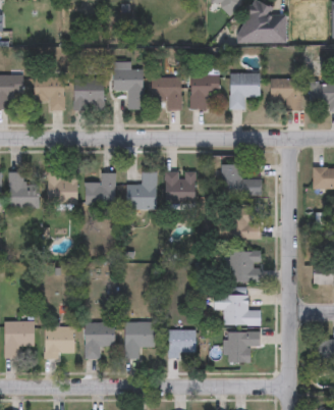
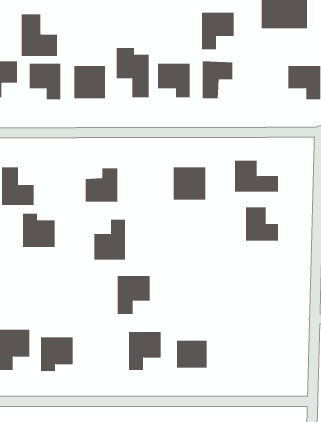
building: none -> [21,13,58,57]
building: [230,73,261,108] -> [201,12,235,50]
building: [47,171,77,203] -> [22,213,56,248]
building: [126,171,156,209] -> [94,219,126,260]
building: [229,251,262,281] -> none
building: [215,295,262,324] -> none
building: [85,322,115,358] -> [117,275,150,314]
building: [228,331,260,362] -> none

